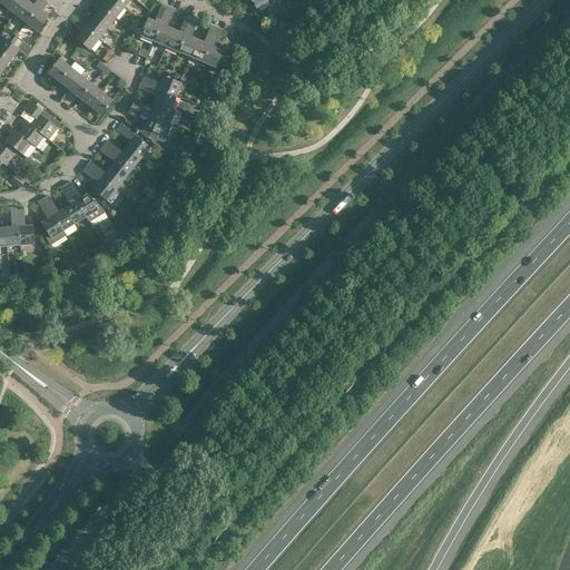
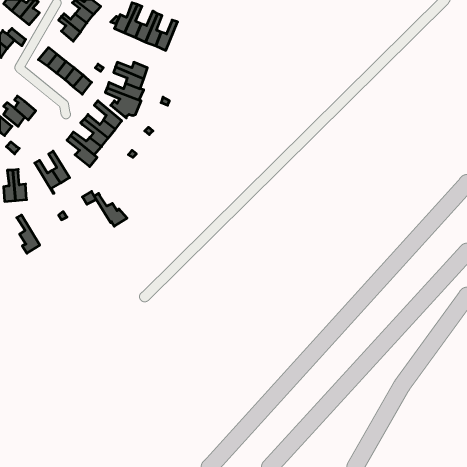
building: [202,27,230,67] -> none
building: [22,100,60,138] -> none
building: [65,180,105,220] -> [94,193,127,226]
building: [37,198,65,245] -> [17,215,40,253]

